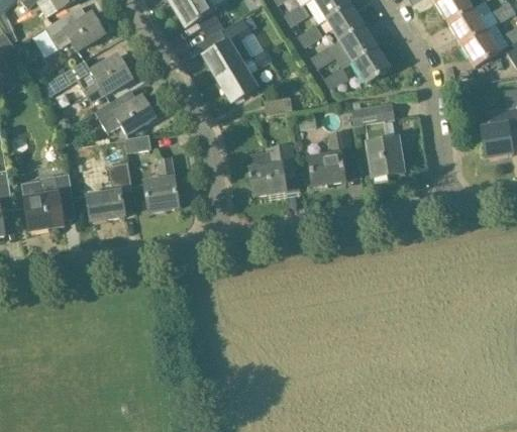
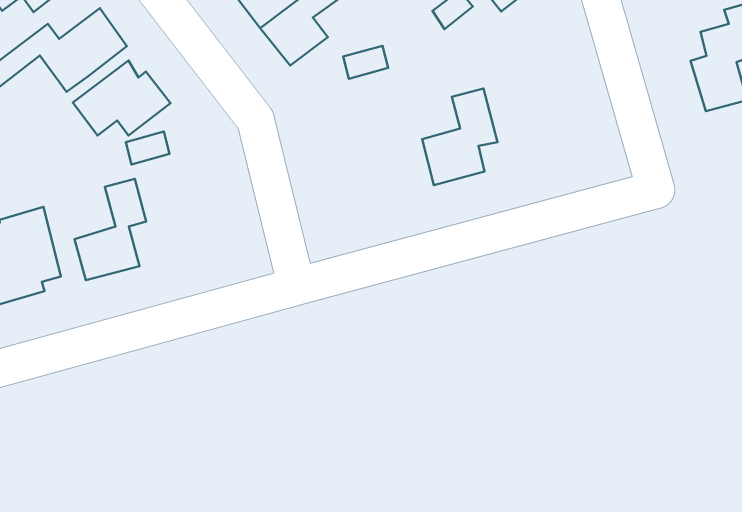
building: [349,101,403,177] -> none
building: [246,142,296,196] -> none
building: [143,157,179,212] -> none

